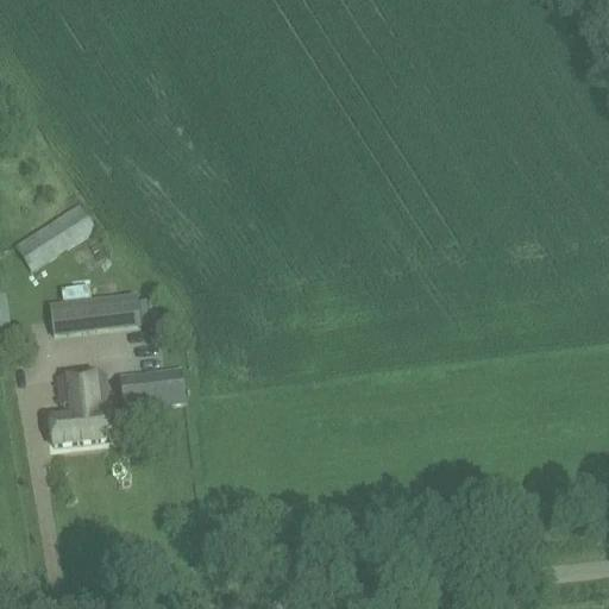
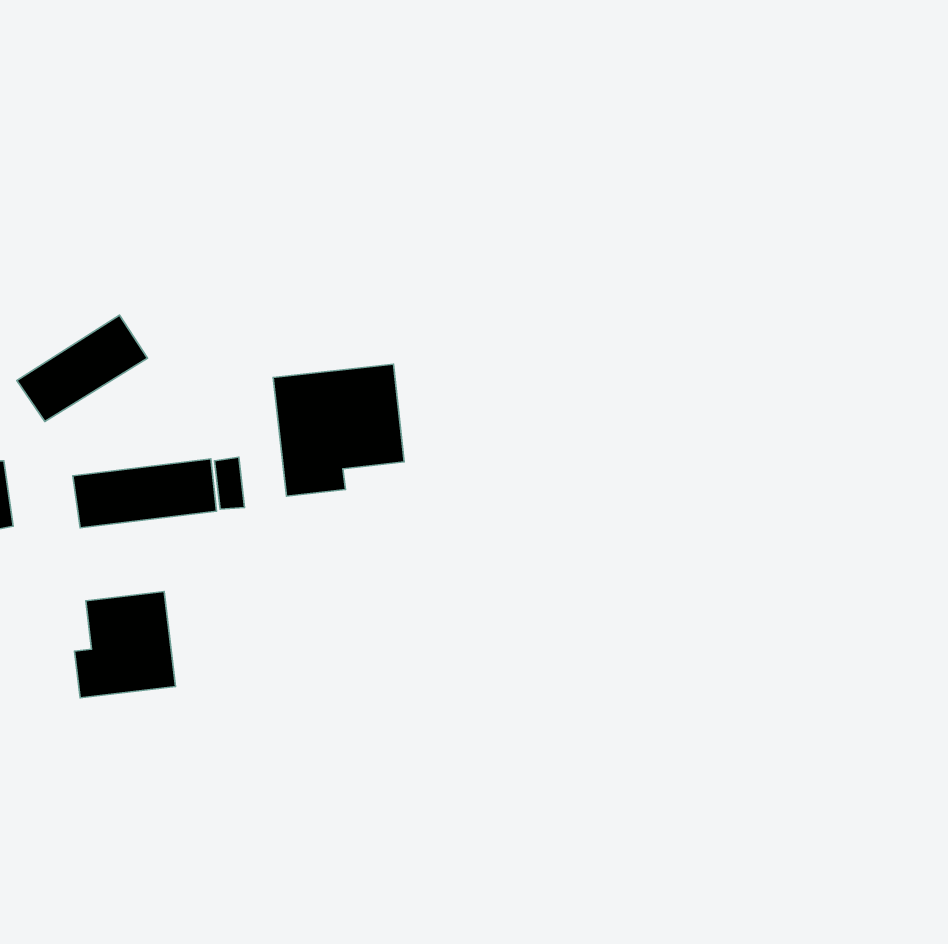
building: none -> [273,364,404,496]
building: [118,366,184,409] -> none

